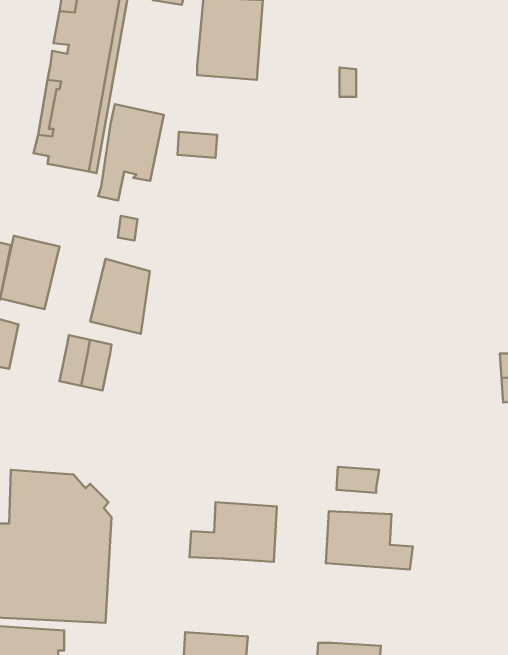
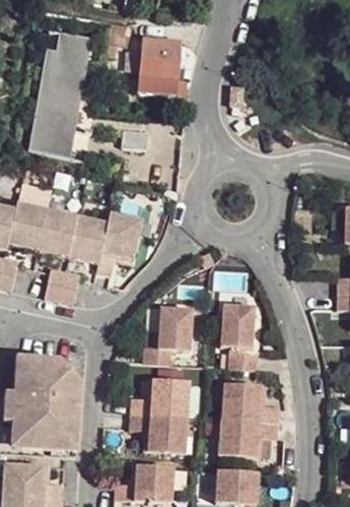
building: [98,104,164,201] -> [97,210,141,274]
building: none -> [36,207,76,257]
building: none -> [221,306,257,350]
building: none -> [143,309,192,367]
building: none -> [130,414,188,452]
building: none -> [219,418,278,457]

